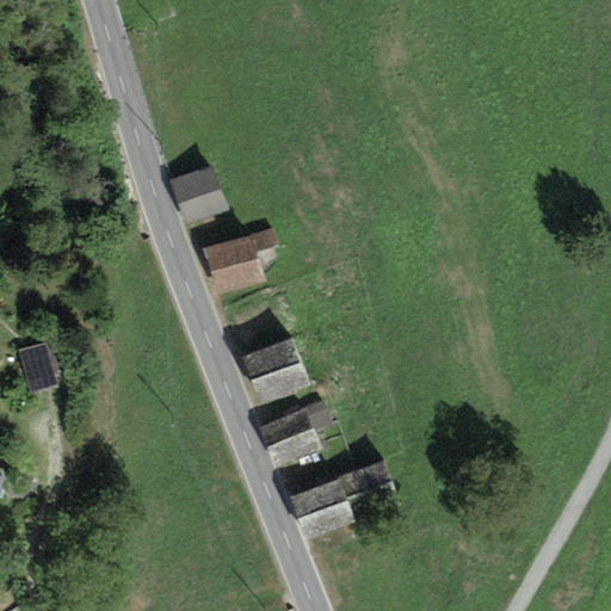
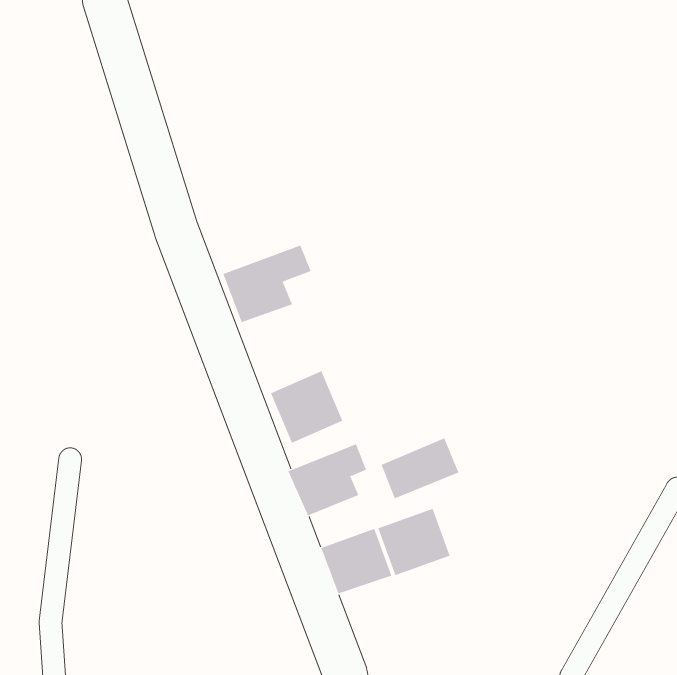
building: [169,162,229,224] -> none
building: [17,341,61,395] -> none
building: none -> [381,438,459,499]

